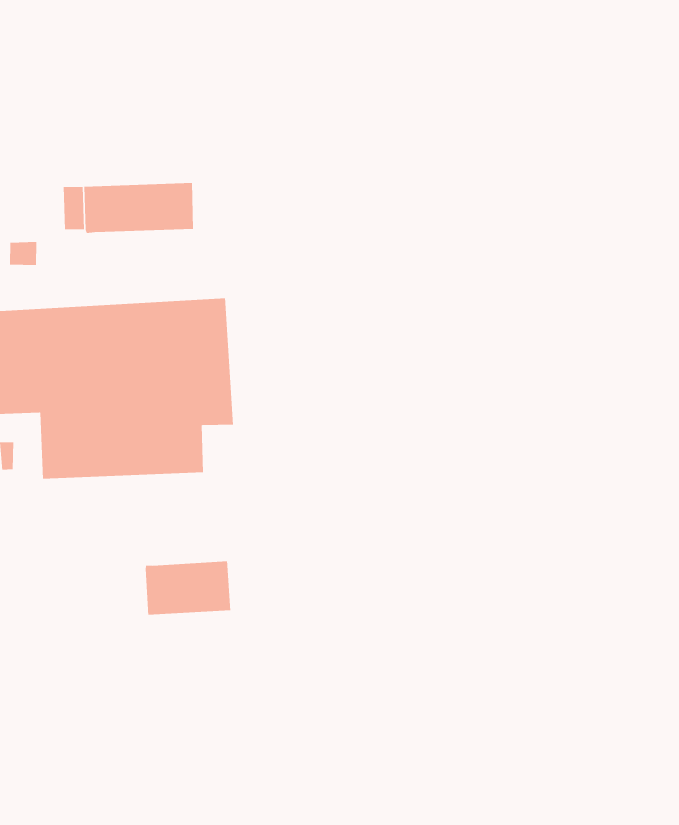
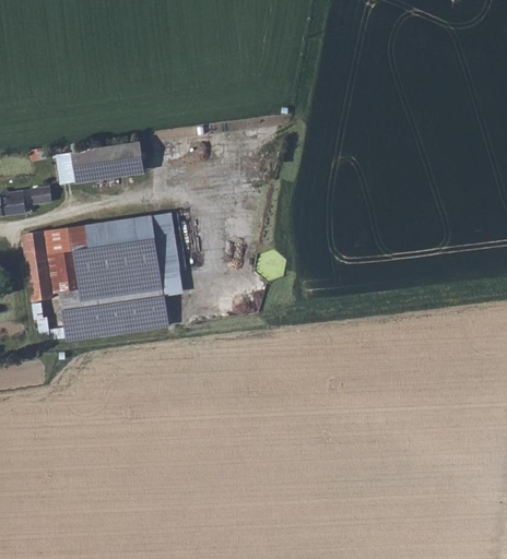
building: [145,560,231,616] -> none

